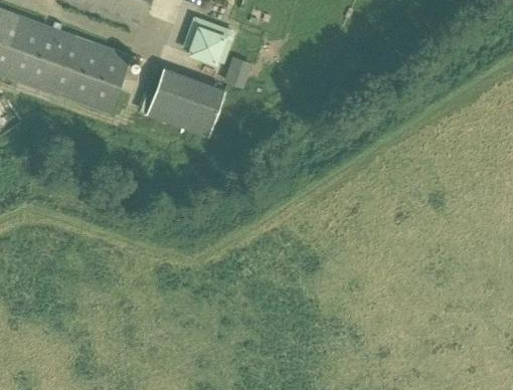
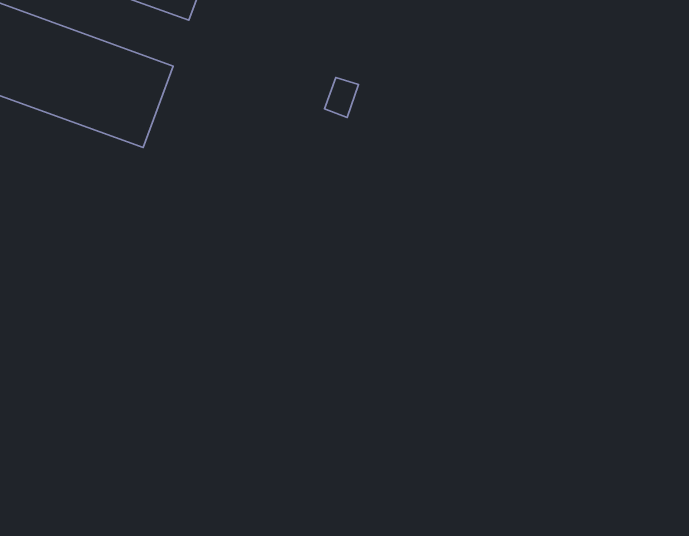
building: [188,28,221,59] -> none
building: [146,68,222,135] -> none

